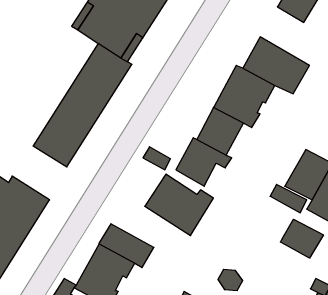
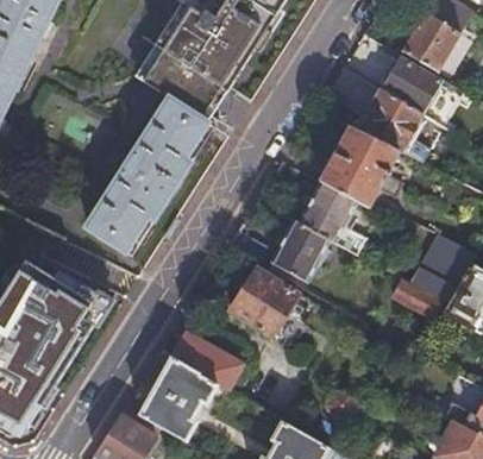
building: none -> [380,54,463,125]
building: [280,219,323,258] -> none

